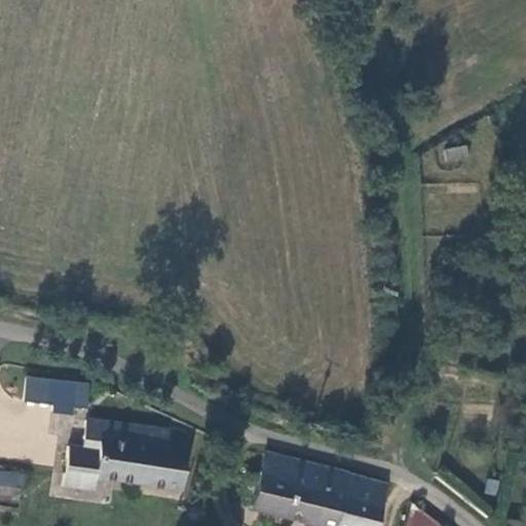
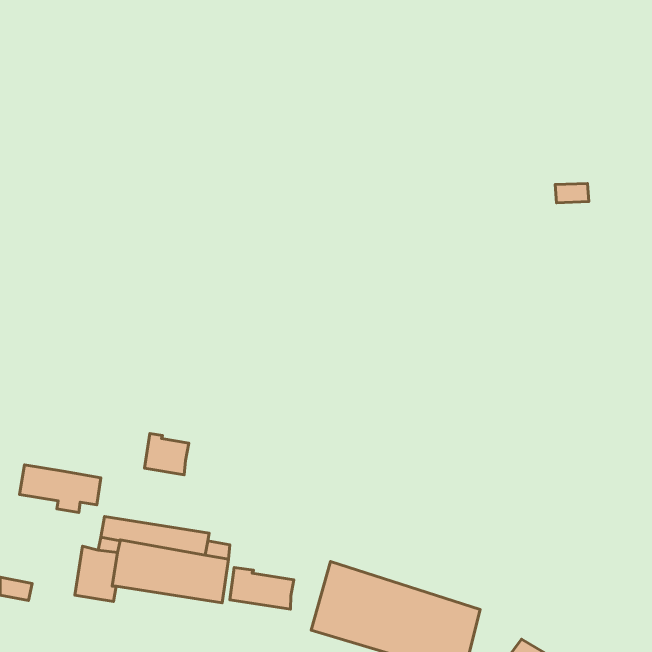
building: none -> [144,433,189,475]
building: none -> [230,567,294,609]

